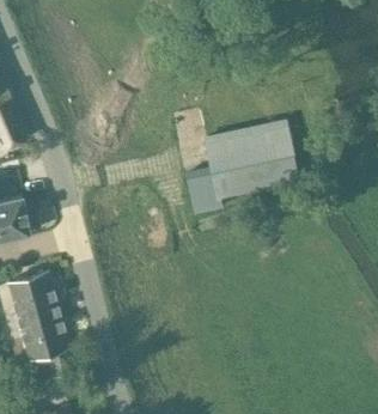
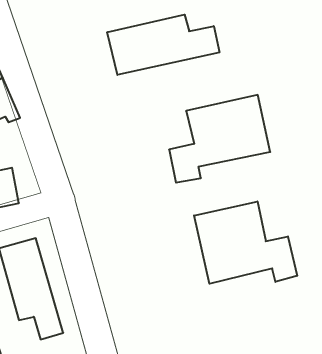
building: none -> [107,15,219,75]
building: none -> [194,201,297,284]

